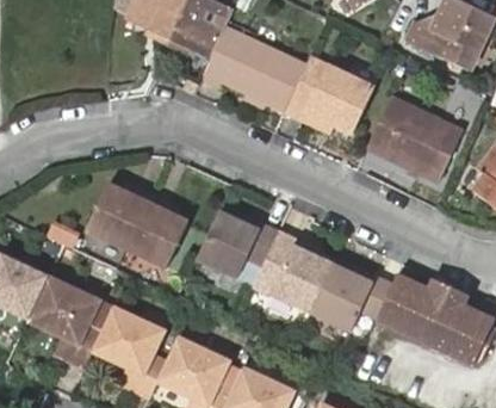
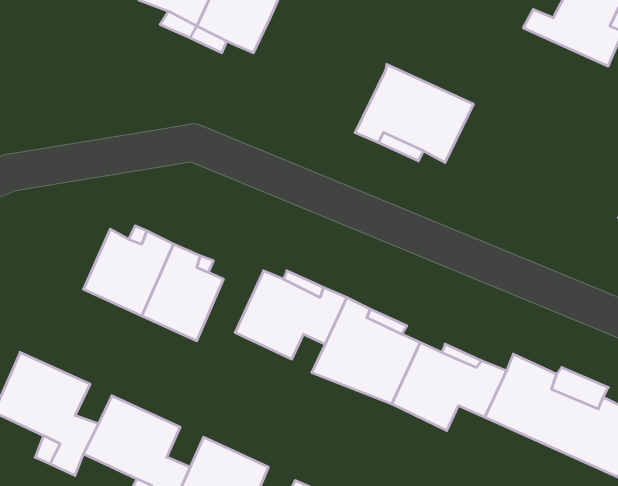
building: [203,32,305,115] -> none
building: [364,103,453,181] -> none

